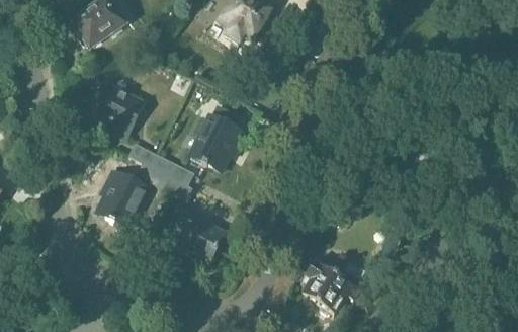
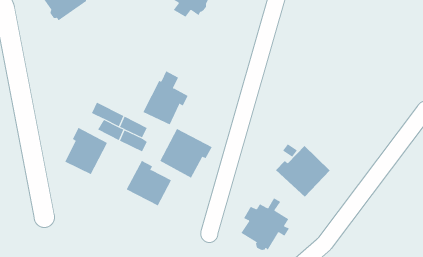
building: [89,82,143,136] -> none
building: none -> [160,128,213,179]
building: none -> [275,145,330,198]

